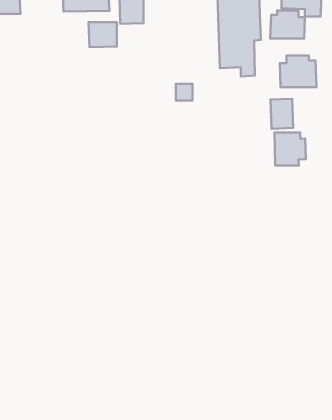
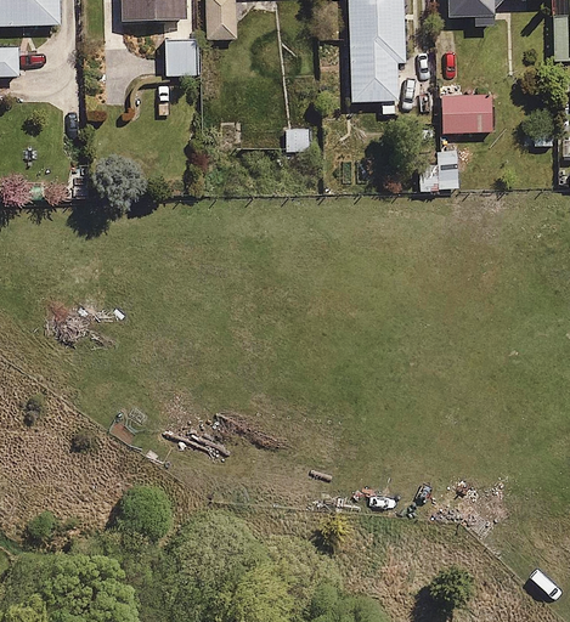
building: [270,10,305,39] -> none
building: [274,133,306,166] -> none

